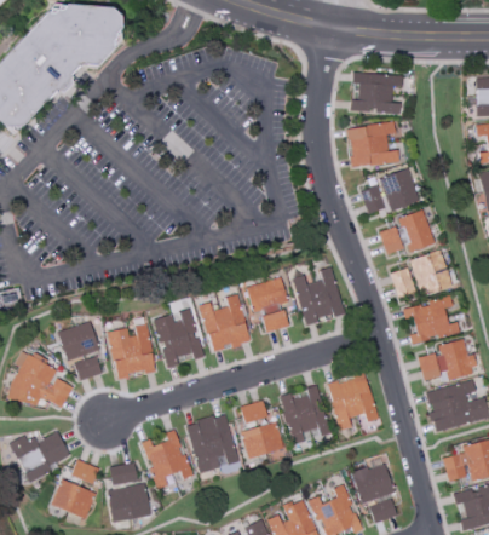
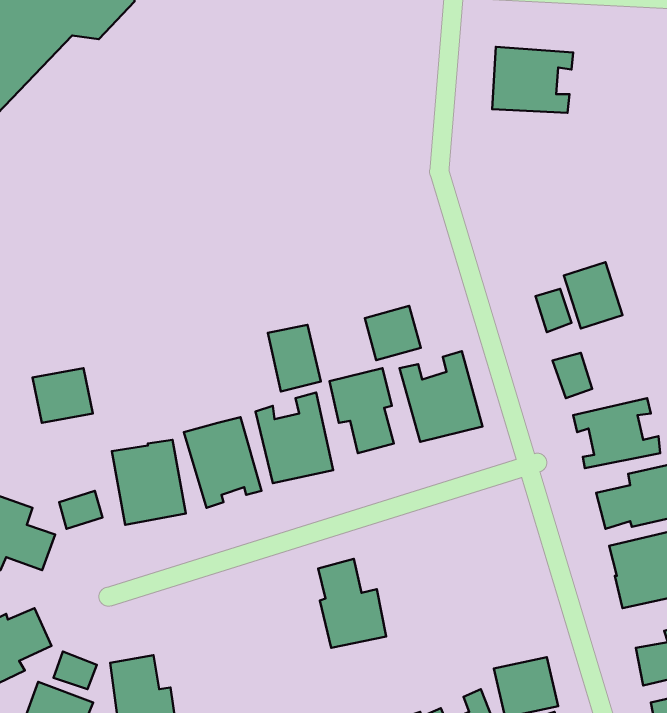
building: [347,121,398,167] -> none
building: [359,168,419,213] -> none
building: none -> [365,306,421,360]
building: [409,249,451,295] -> none
building: none -> [268,325,321,391]
building: [59,323,98,358] -> [32,368,93,423]
building: [328,374,375,430] -> none
building: [280,386,327,444] -> none
building: [185,413,238,472] -> none
building: [143,428,190,488] -> none

